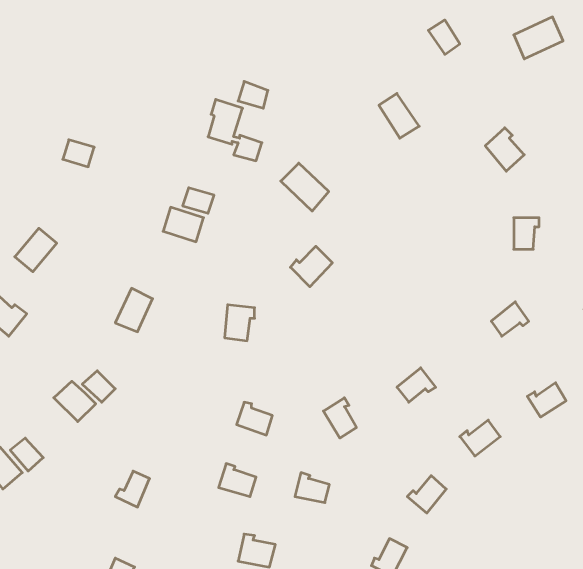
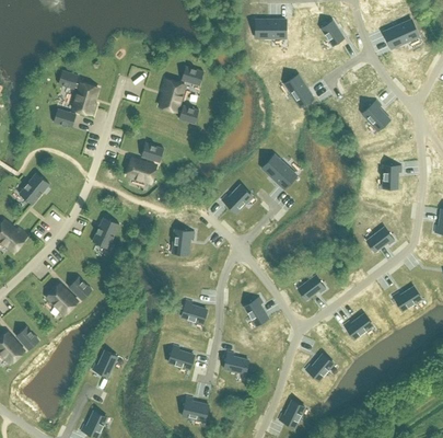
building: none -> [255,19,287,37]
building: none -> [58,69,97,114]
building: [281,163,329,211] -> [261,153,296,188]

